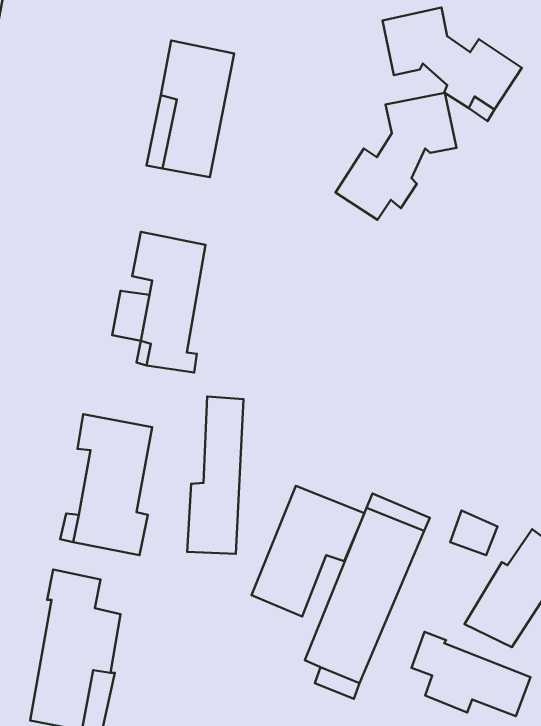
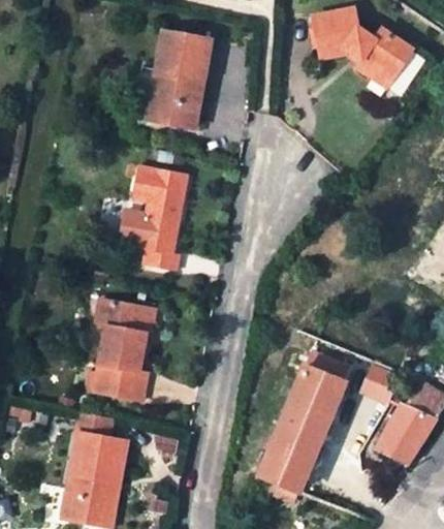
building: [335,93,456,220] -> none
building: [187,397,243,554] -> none
building: [251,486,364,616] -> none
building: [411,632,531,716] -> none

